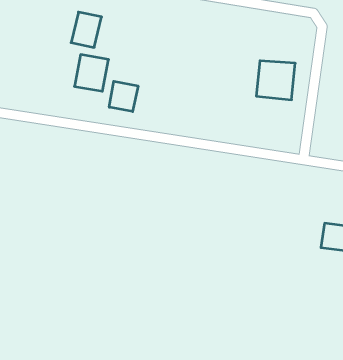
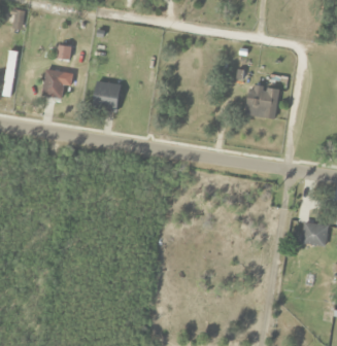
building: [71,12,102,47] -> [41,68,67,98]
building: [109,81,138,112] -> none

